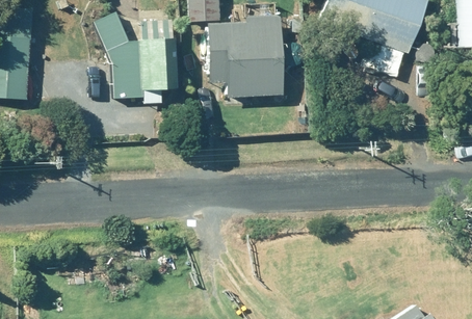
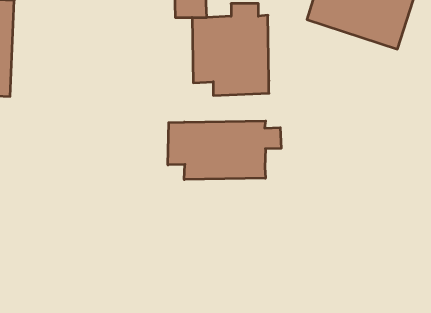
building: [95,10,178,101] -> none
building: none -> [168,121,281,180]

